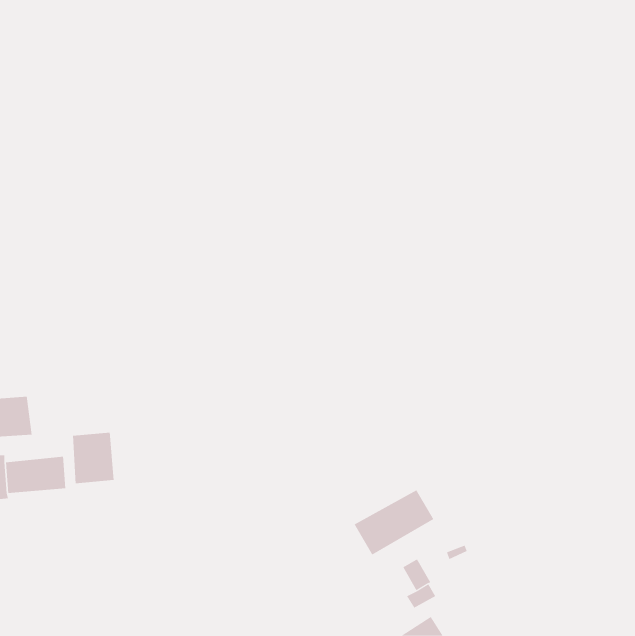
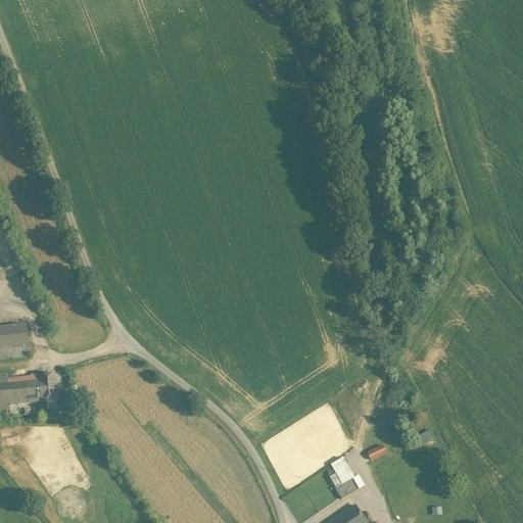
building: [73,432,114,484] -> none
building: [354,490,434,555] -> none

